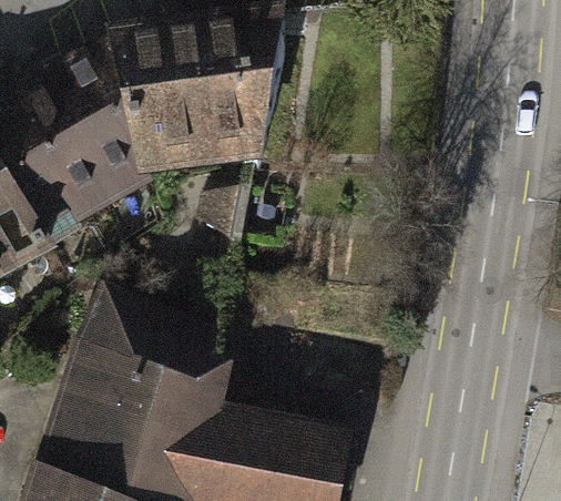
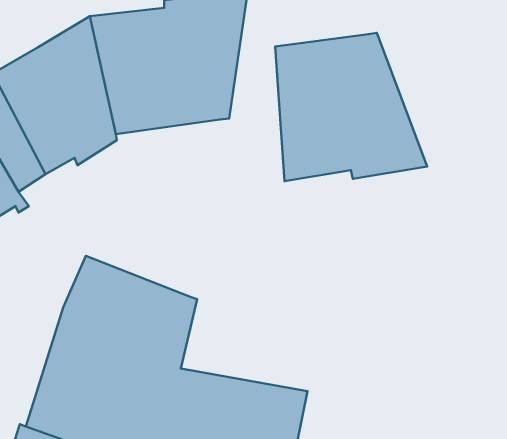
building: none -> [275,33,427,181]

